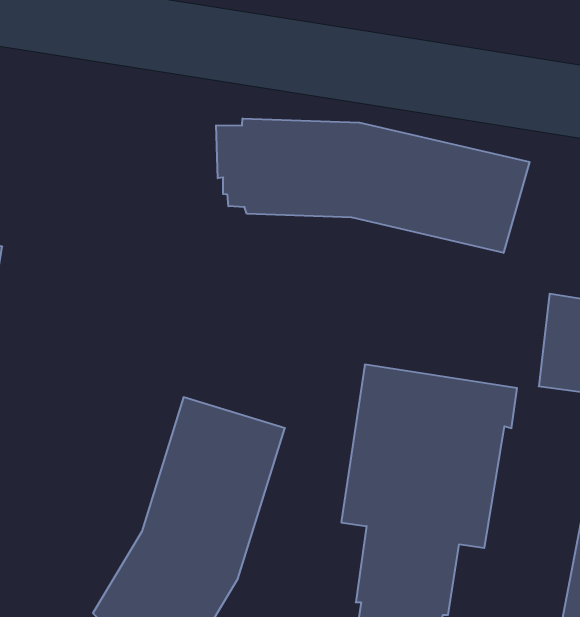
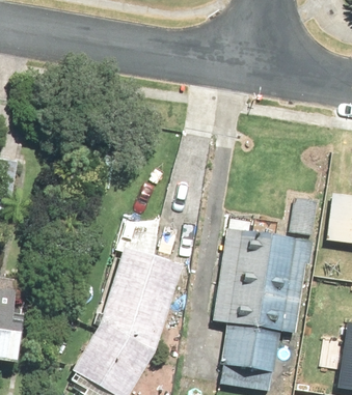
building: [216,118,530,253] -> none

